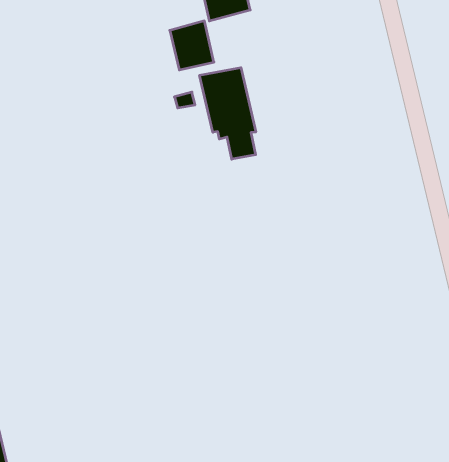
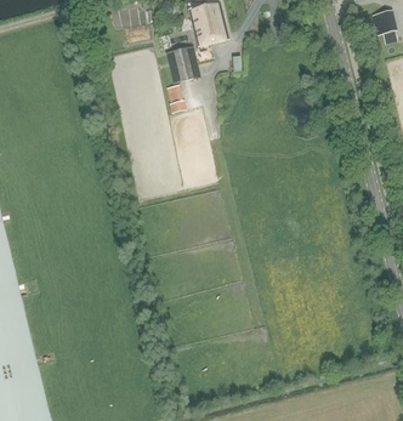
building: [200,68,256,159] -> none

